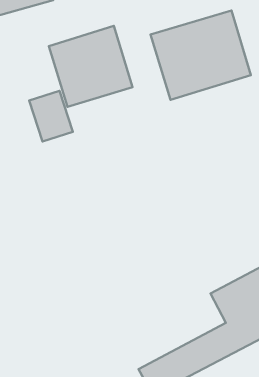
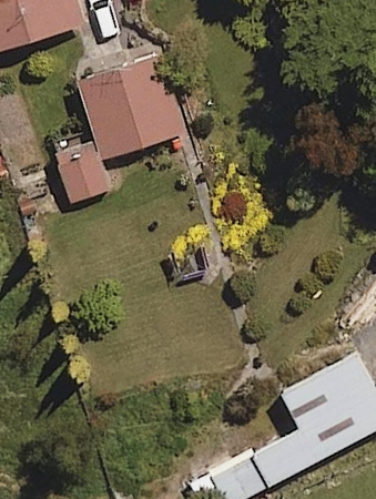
building: [150,11,251,100] -> none

